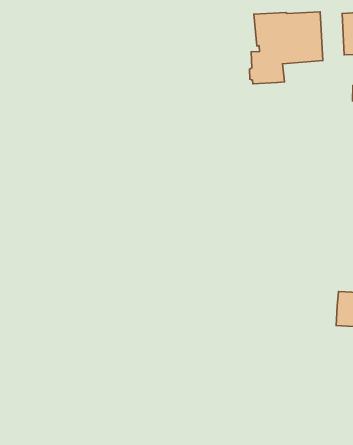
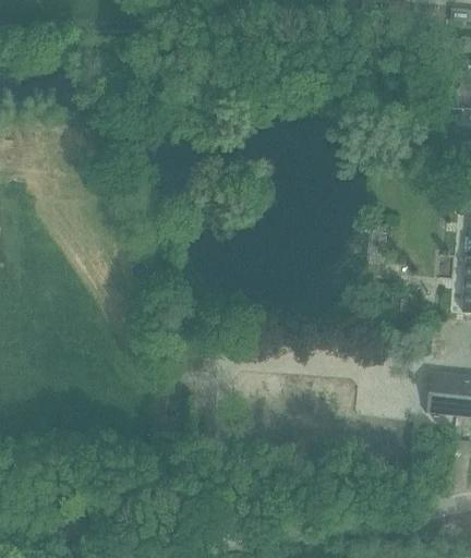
building: [249,12,323,84] -> none

